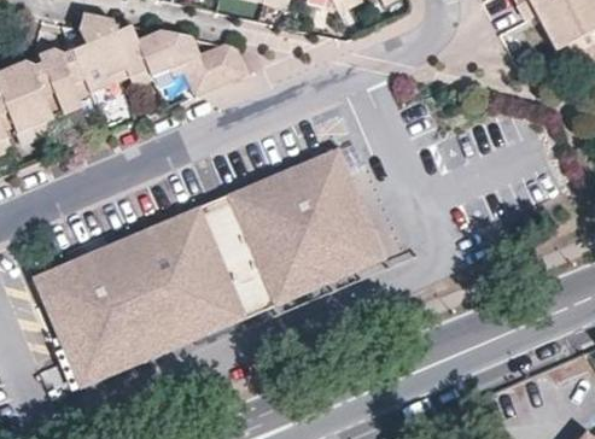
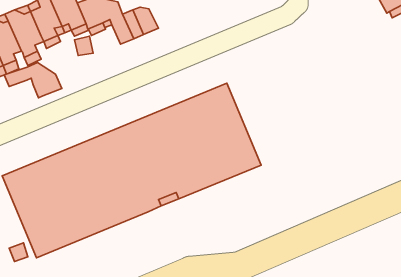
building: none -> [4,62,62,98]

